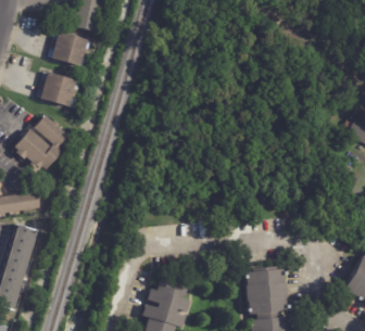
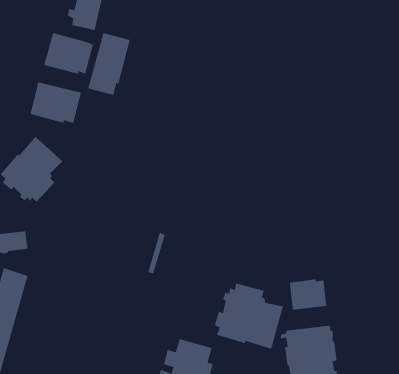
building: none -> [87,32,130,96]
building: none -> [289,279,327,310]
building: none -> [214,283,284,350]

